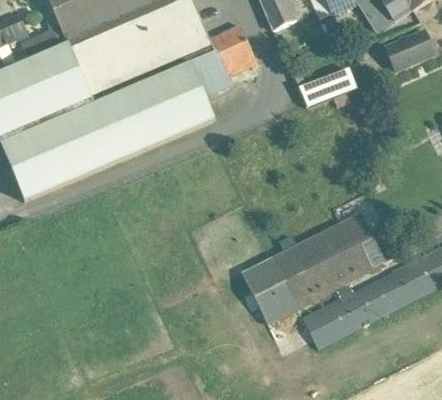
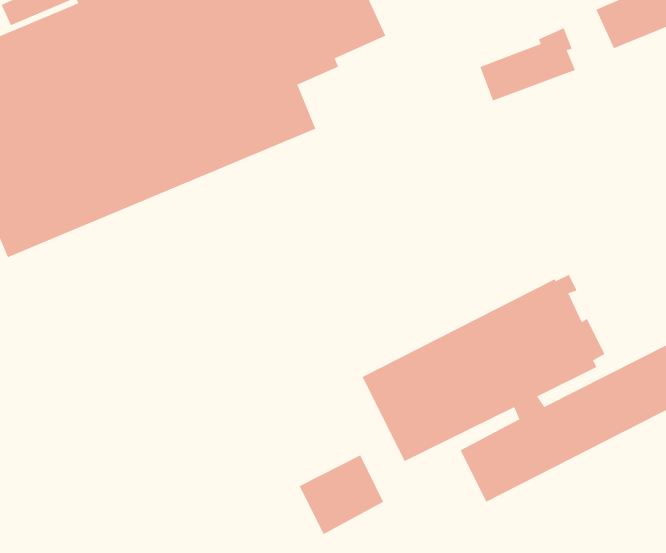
building: none -> [299,454,384,535]

